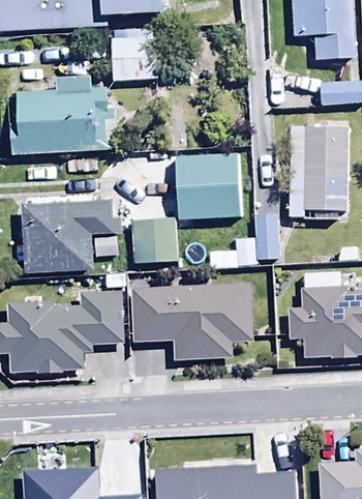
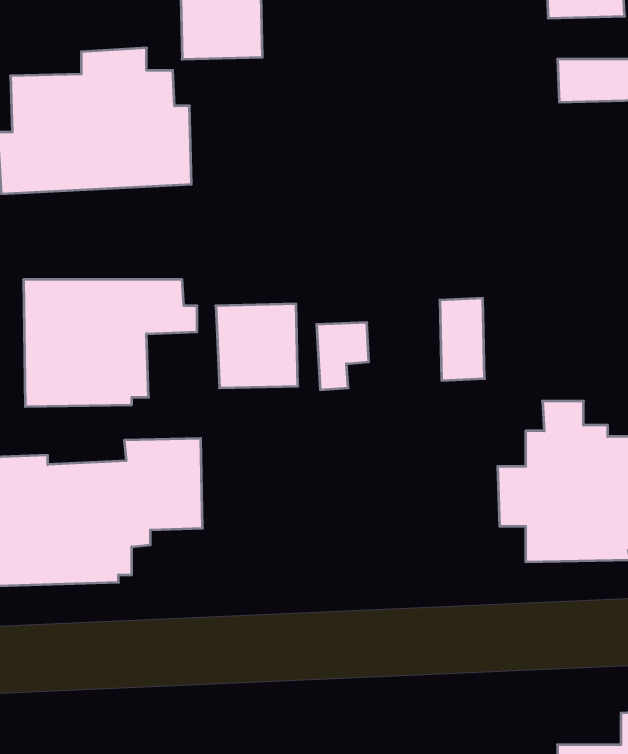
building: [289,125,346,216] -> none
building: [177,153,240,218] -> none
building: [132,282,252,361] -> none

